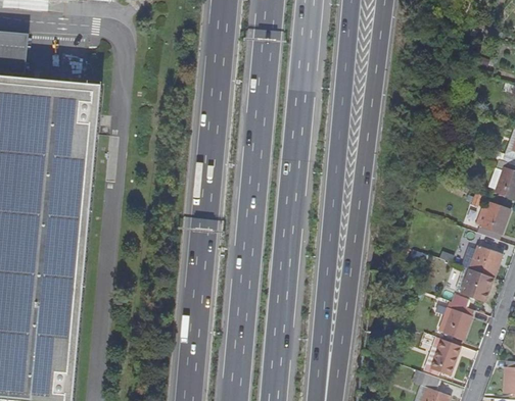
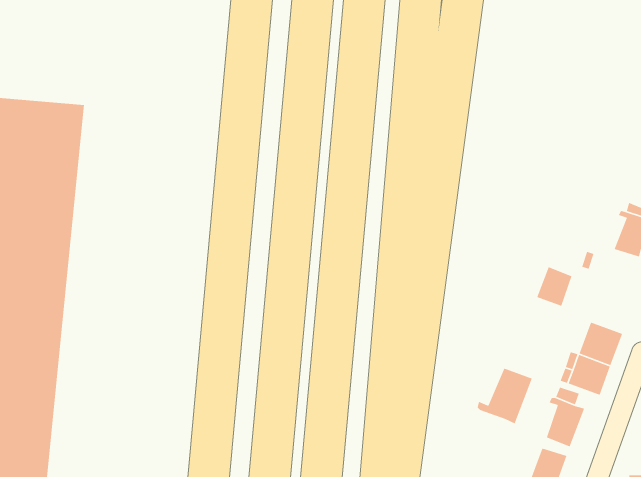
building: [480,205,508,236] -> [536,266,573,307]
building: none -> [477,368,533,425]

